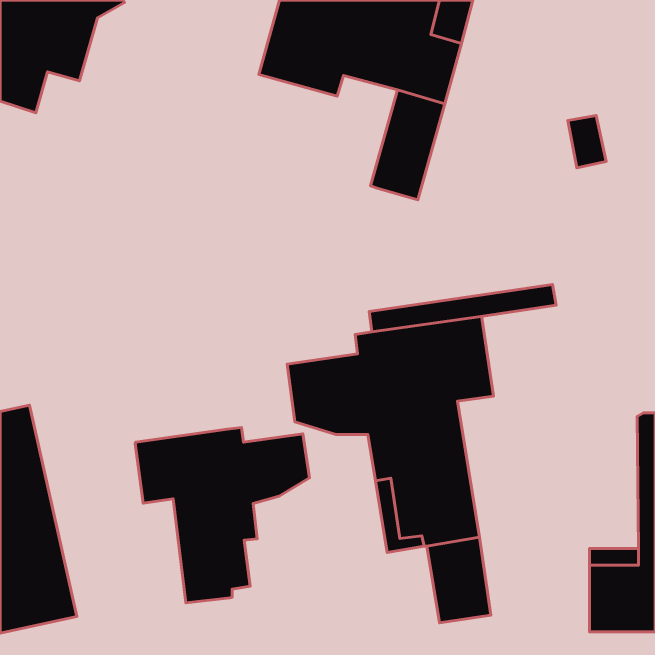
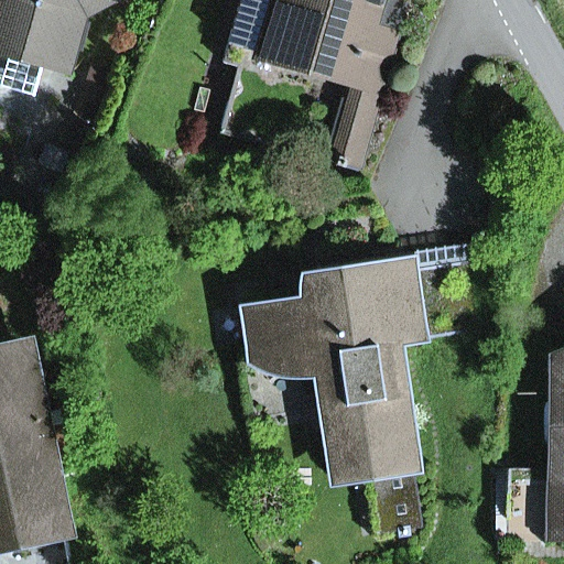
building: [135,427,309,603] -> none

